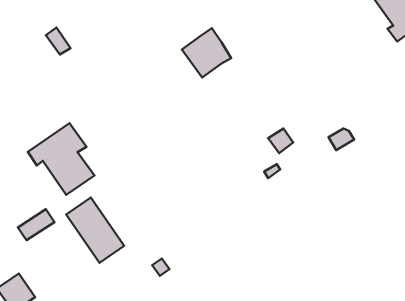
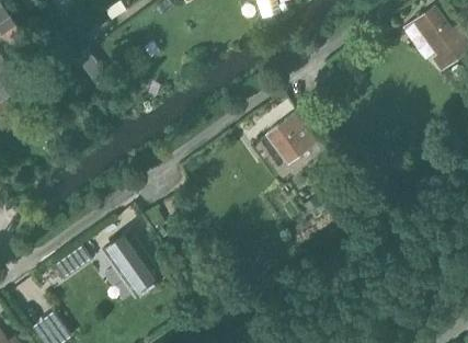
building: [182,28,231,77] -> [266,113,317,163]
building: [28,123,95,195] -> none

